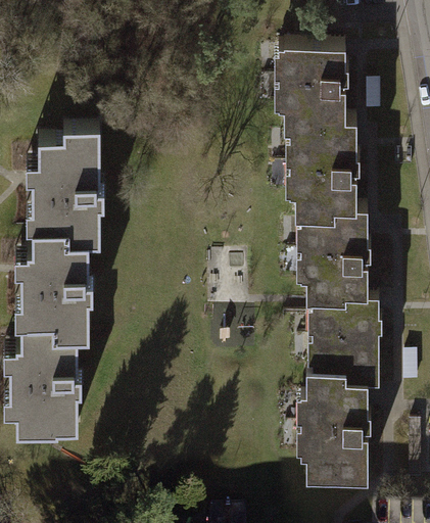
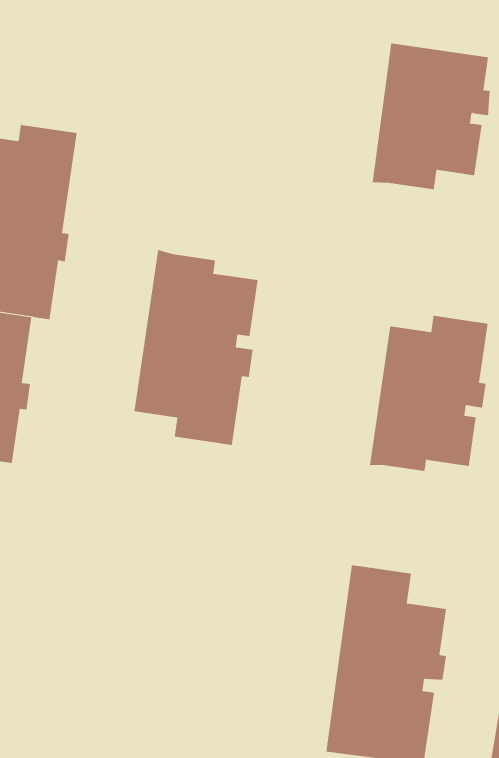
building: [292,125,359,224] -> none
building: none -> [134,249,258,446]
building: [315,302,381,391] -> none

